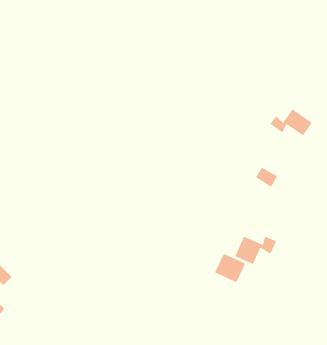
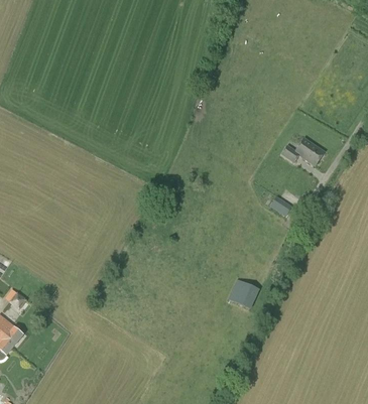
building: [234,236,277,265] -> none

